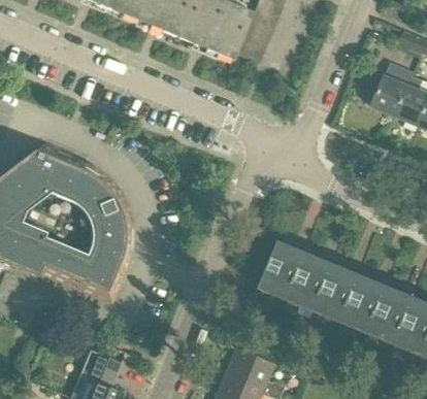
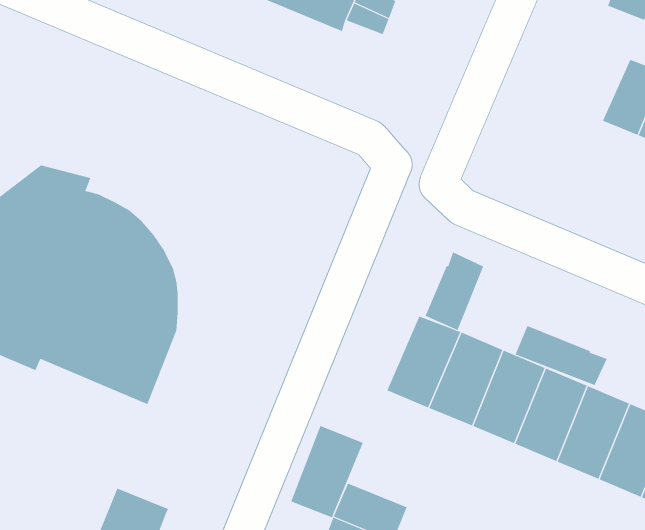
building: [373,62,415,117] -> none
building: none -> [425,252,484,331]
building: none -> [515,325,608,386]
building: none -> [290,425,363,518]

